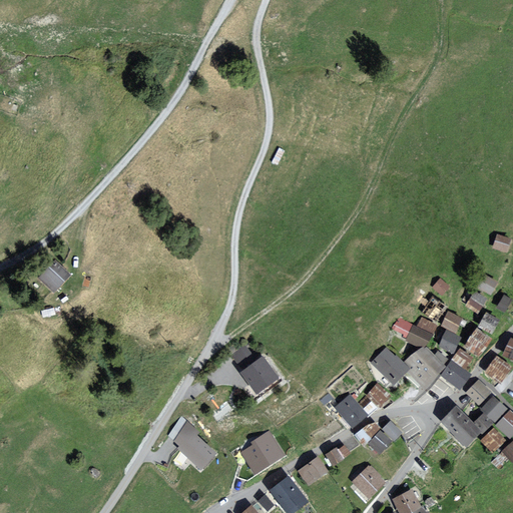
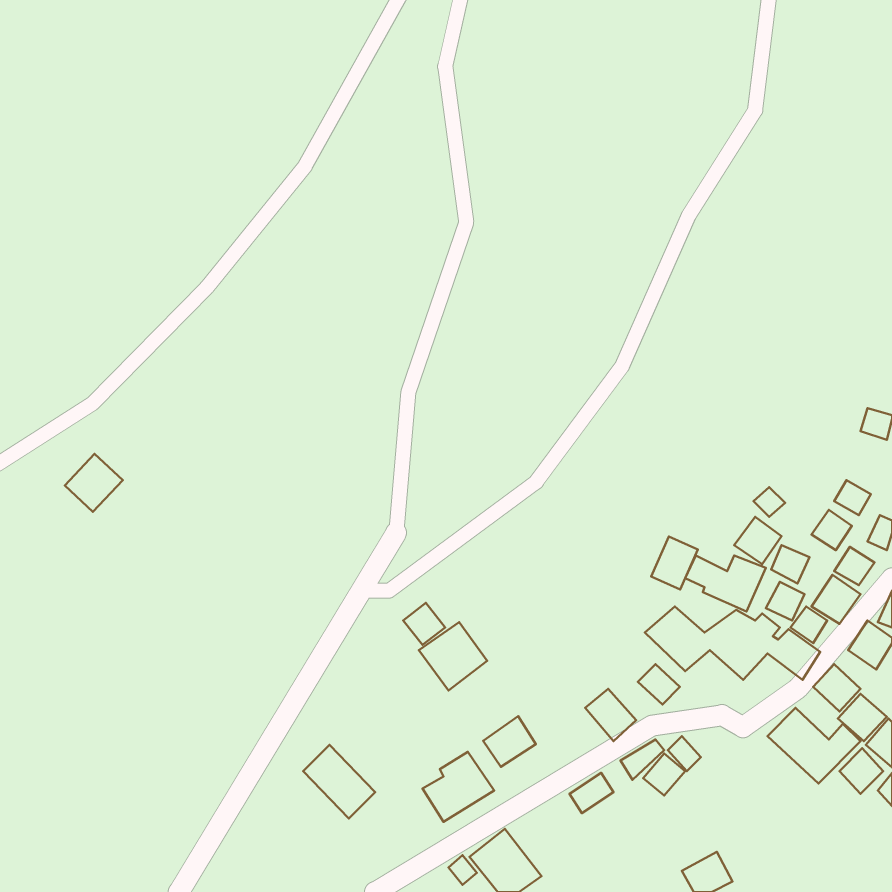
building: none -> [651,537,698,590]
building: [298,456,328,485] -> [483,716,536,767]
building: [352,465,386,498] -> none

